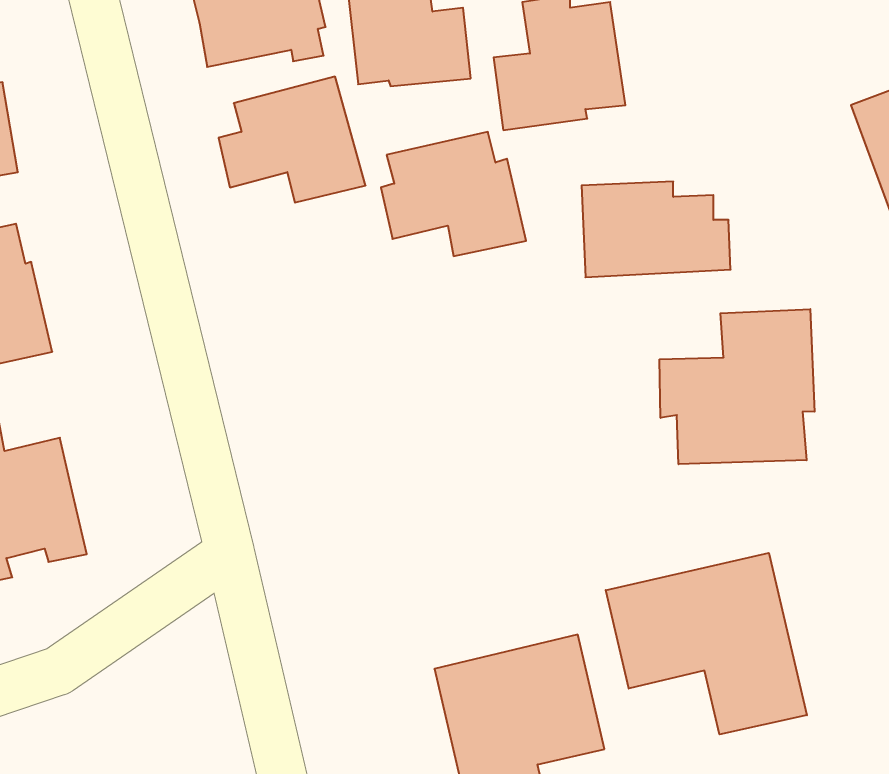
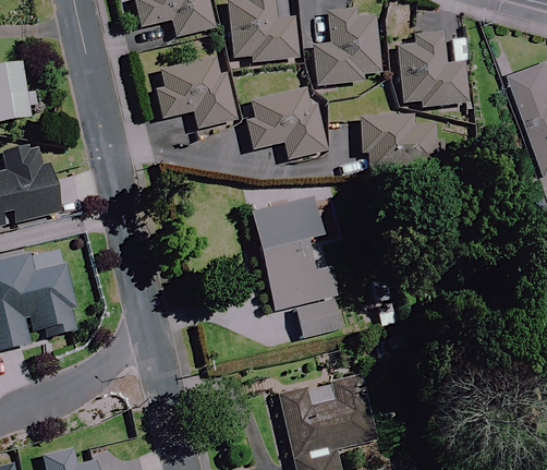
building: none -> [393,28,470,106]
building: [660,309,815,464] -> none
building: none -> [250,194,341,336]
building: [606,553,807,734] -> none

